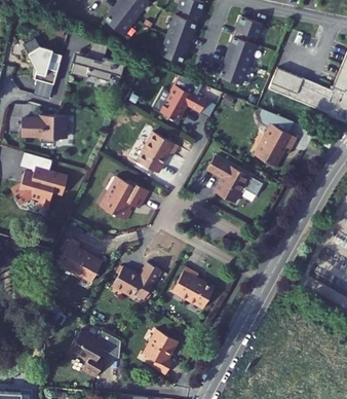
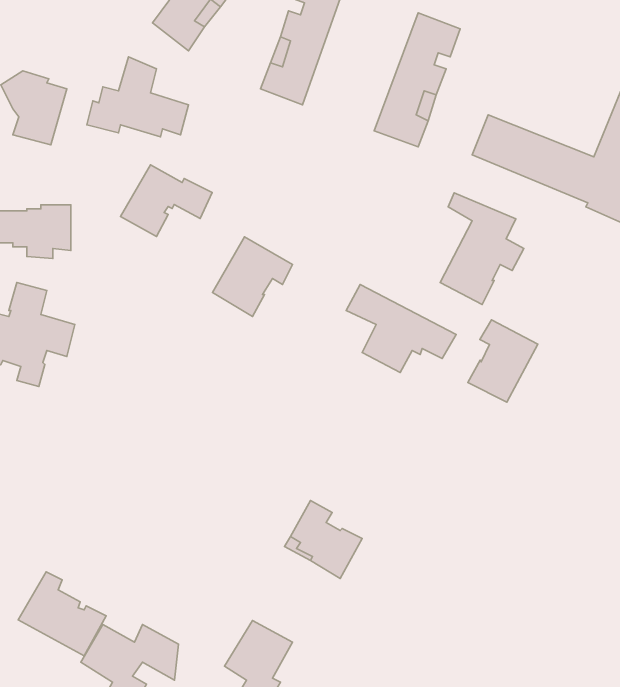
building: [158,84,205,121] -> [120,165,212,237]
building: none -> [468,320,538,402]
building: [99,175,147,220] -> none
building: [56,238,102,281] -> [18,572,106,656]
building: [111,261,160,298] -> none

